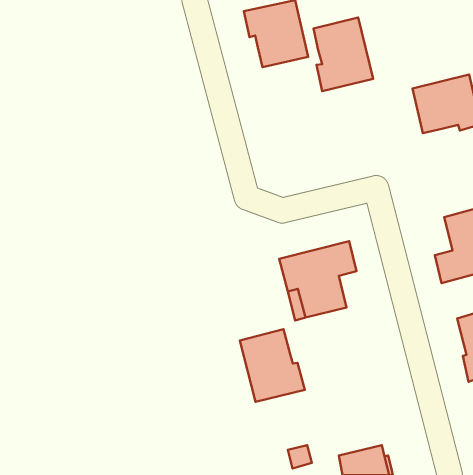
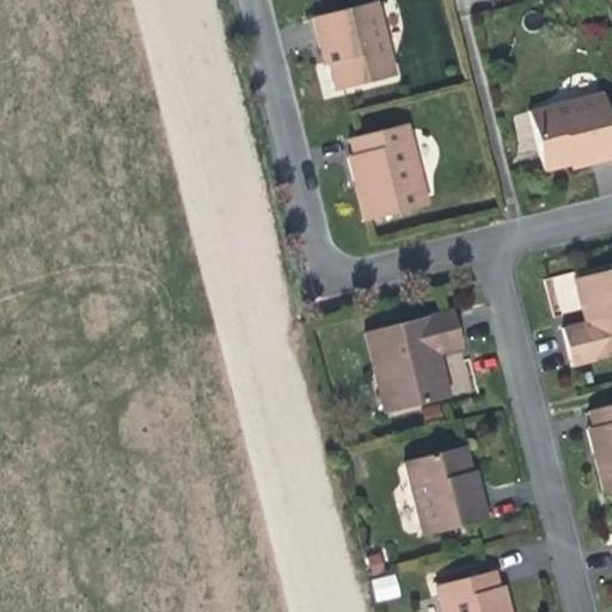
building: [314,17,373,91] -> [355,126,432,220]
building: [240,329,305,402] -> [404,441,488,534]

